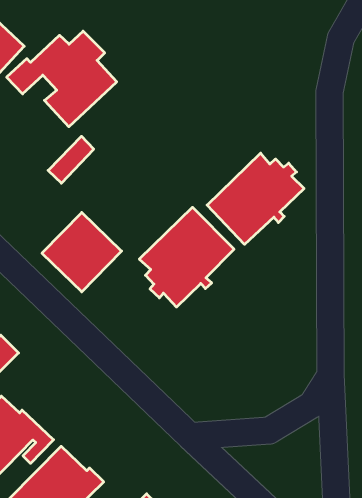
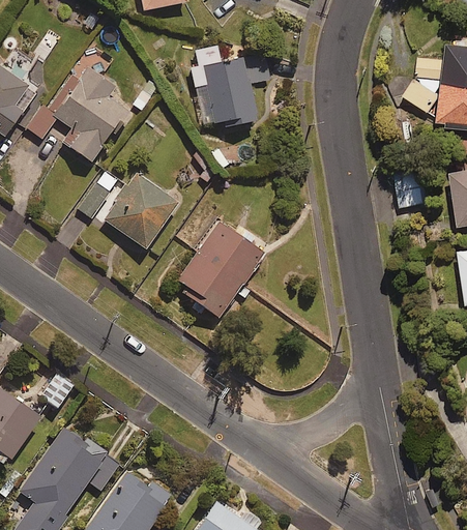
building: none -> [192,42,269,127]
building: [207,153,304,244] -> none
building: [42,212,122,292] -> [103,173,178,248]

